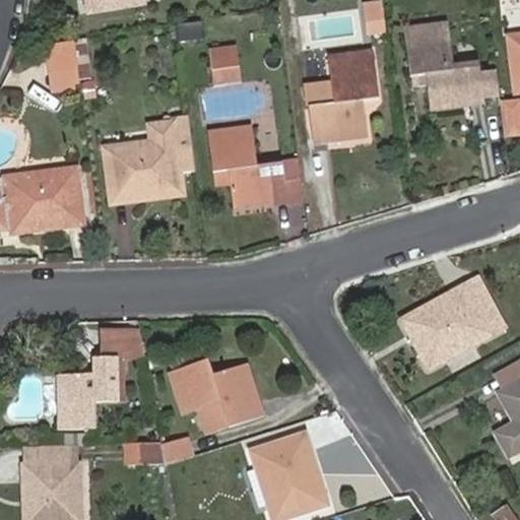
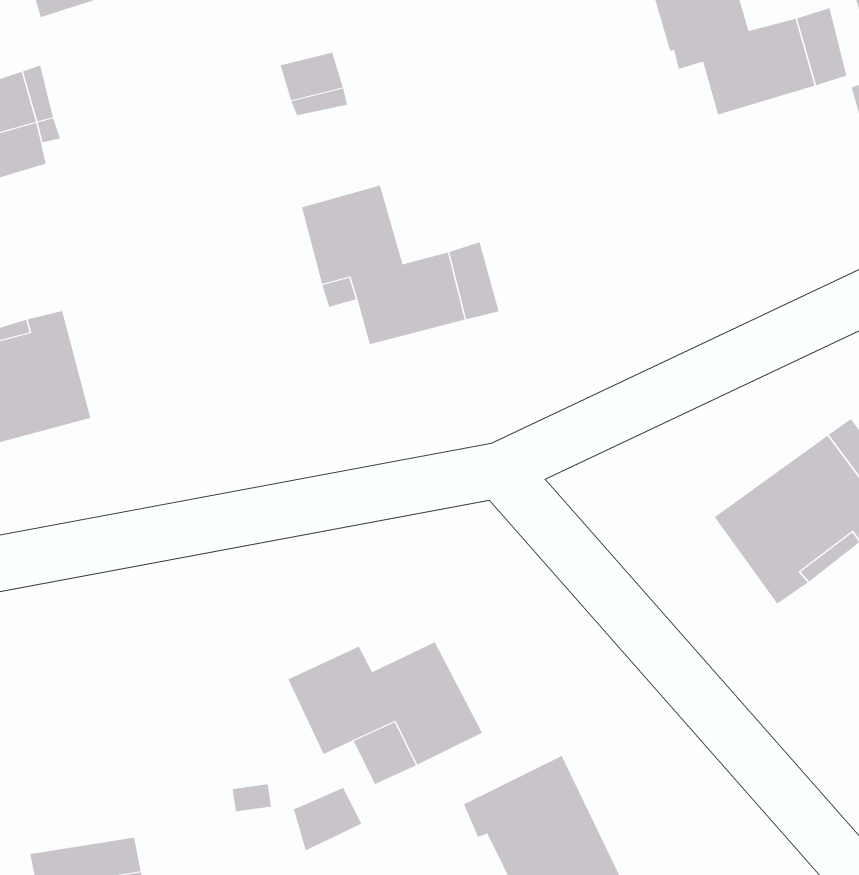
building: [309,48,379,142] -> none
building: [102,121,182,203] -> none
building: [56,327,146,429] -> none
building: [124,442,165,463] -> none

